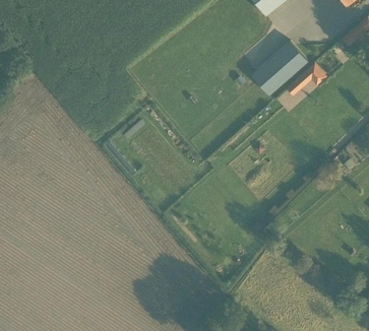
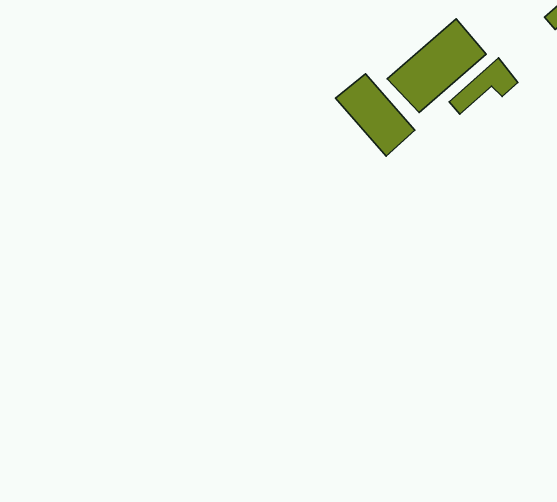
building: none -> [335,74,415,156]

